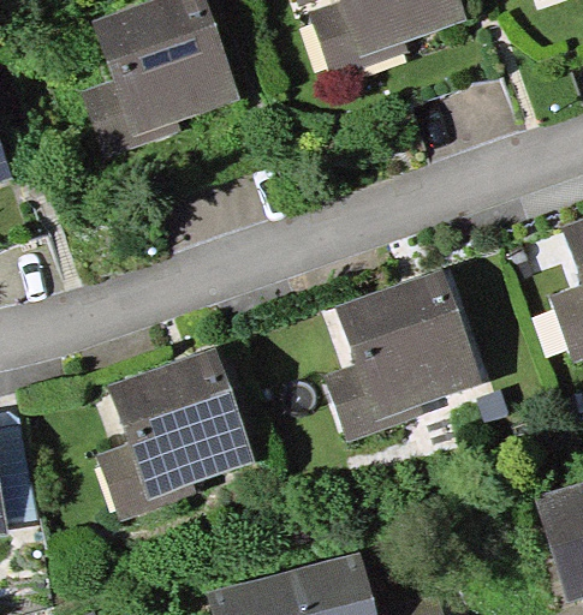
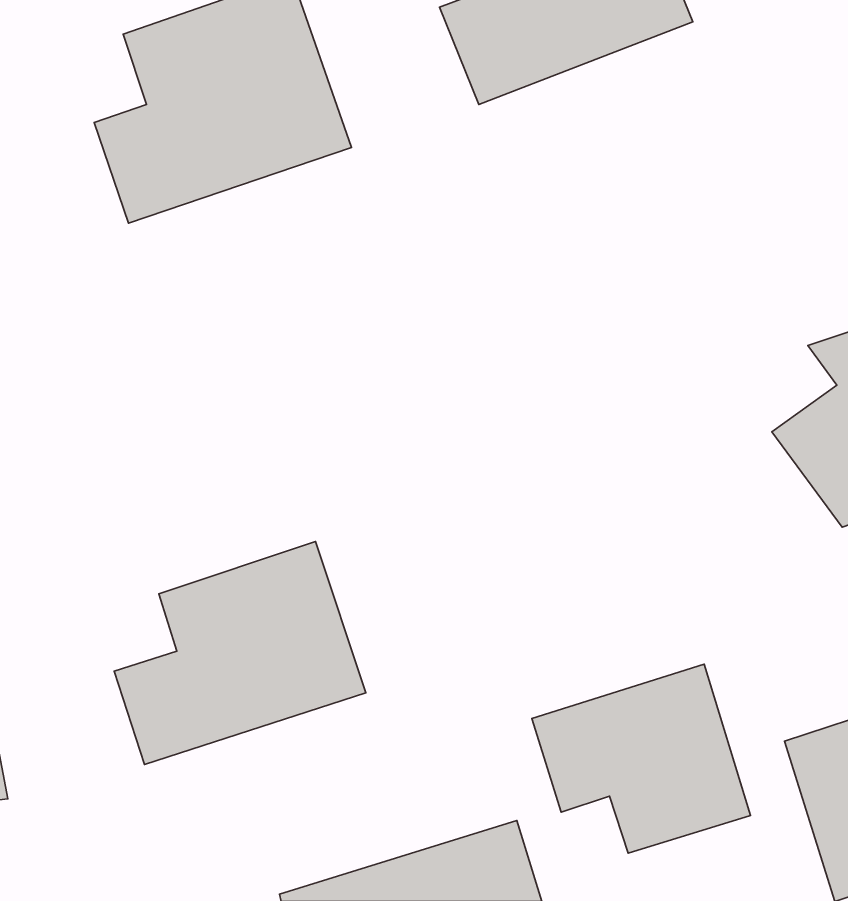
building: [317,281,482,434] -> none
building: none -> [532,664,750,853]

